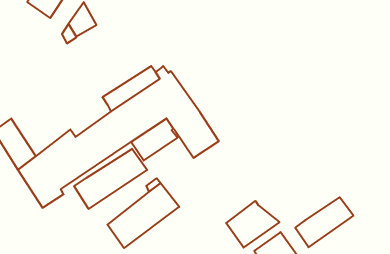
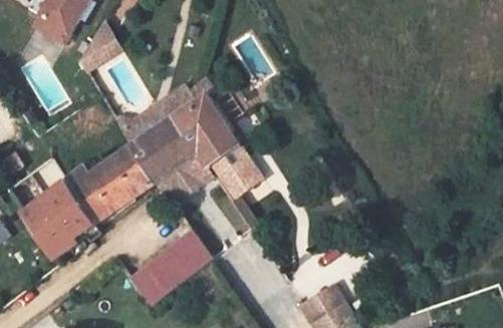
building: [74,149,147,209] -> none
building: [295,197,353,247] -> none
building: [226,201,279,248] -> none

